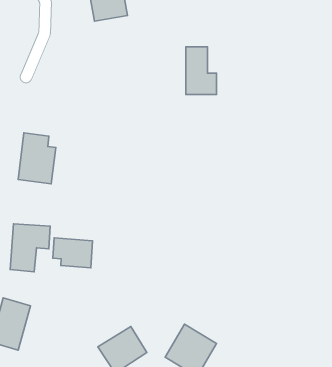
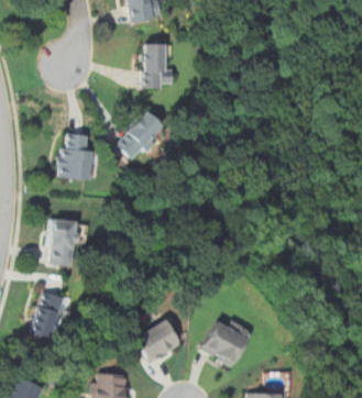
building: [186,47,217,95] -> [142,42,172,88]
building: none -> [114,111,166,159]
building: [53,238,93,268] -> none

